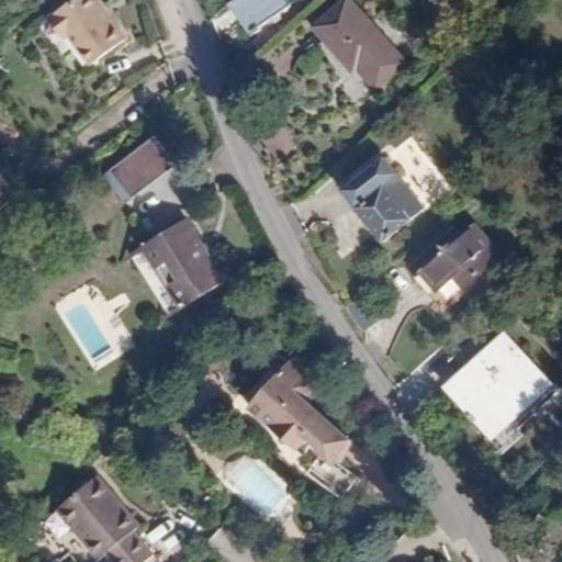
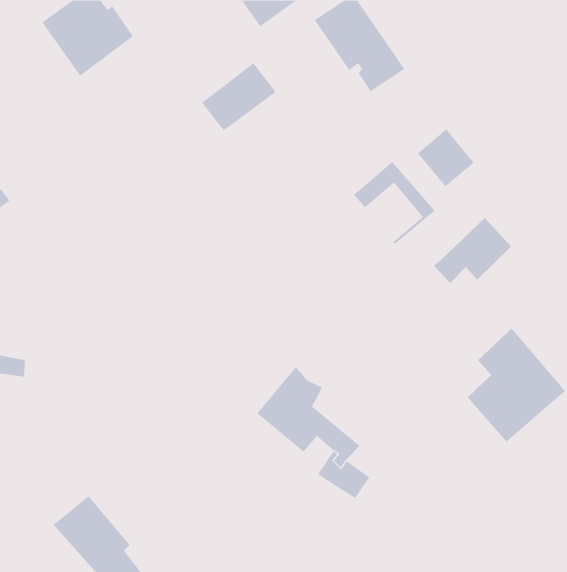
building: [94,137,168,204] -> [201,62,276,131]
building: [356,182,412,239] -> [417,129,474,187]
building: [132,212,225,310] -> none

